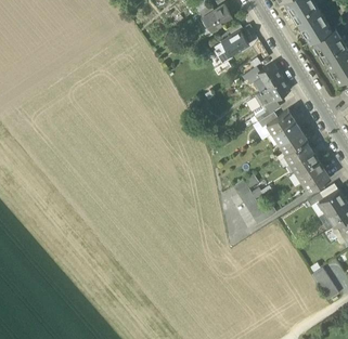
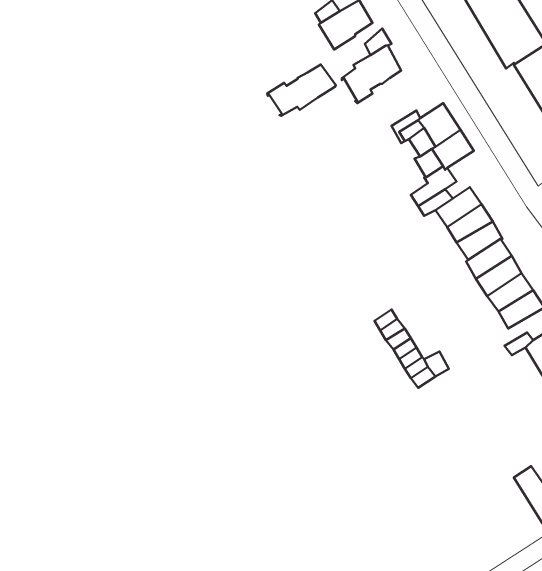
building: none -> [267,65,336,116]

